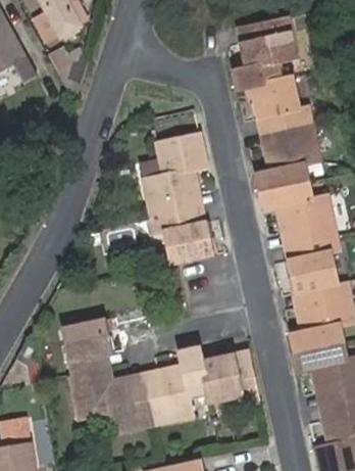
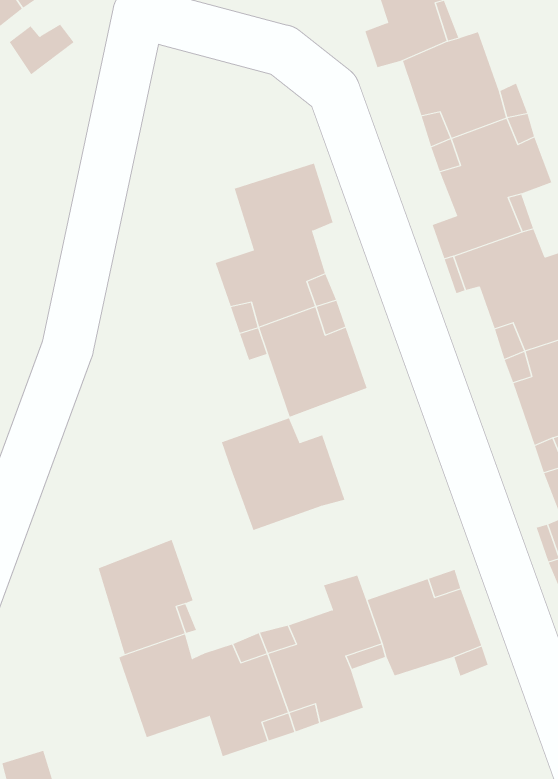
building: none -> [221,417,345,531]

